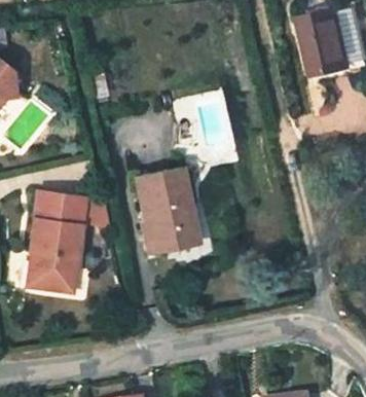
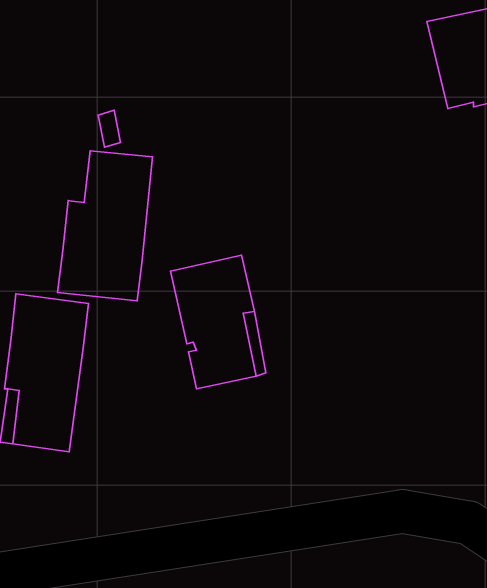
building: none -> [57,151,152,301]

